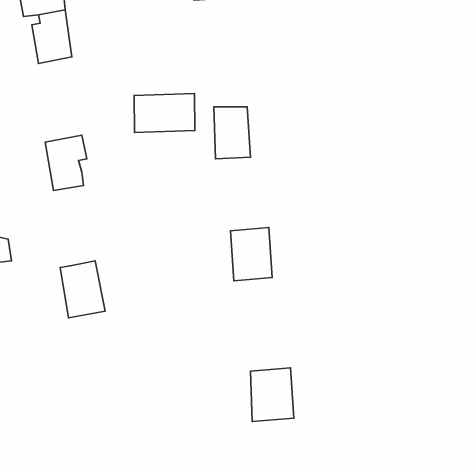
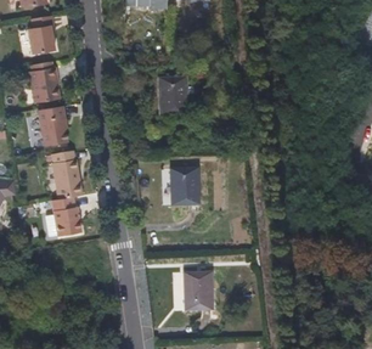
building: none -> [26,57,58,100]
building: [134,94,195,132] -> none
building: none -> [49,148,83,197]

